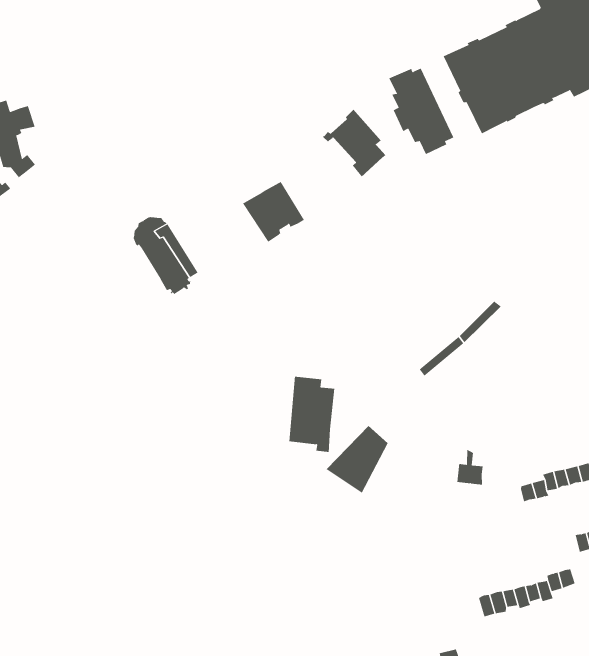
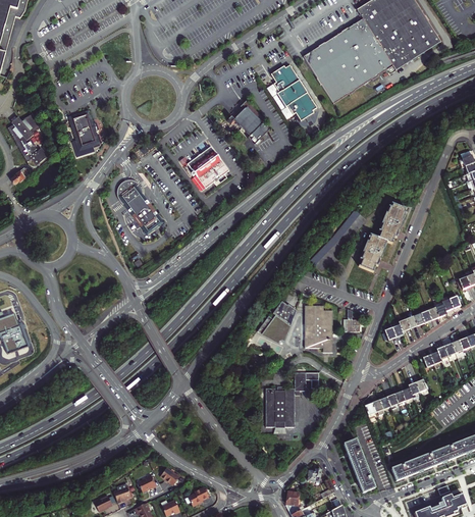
building: none -> [70,111,101,151]
building: none -> [360,202,407,270]
building: [288,376,335,452] -> [306,306,334,353]
building: none -> [265,372,317,427]

